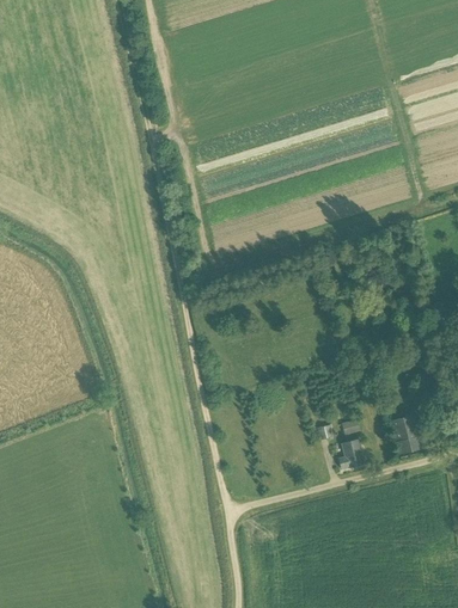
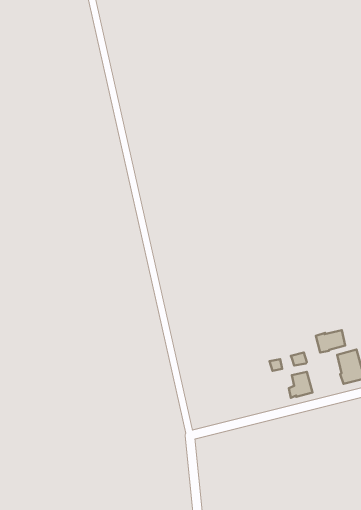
building: none -> [316,330,345,352]

